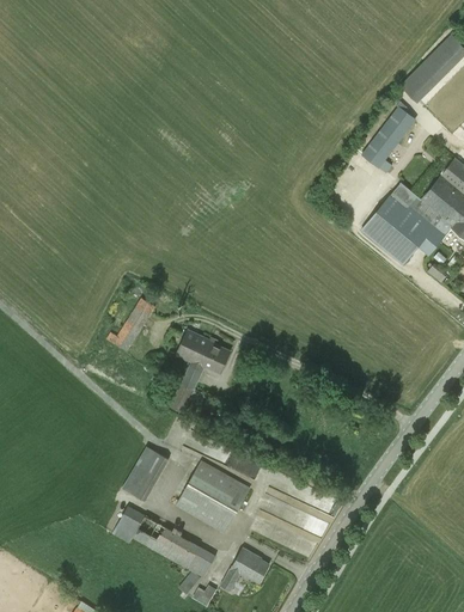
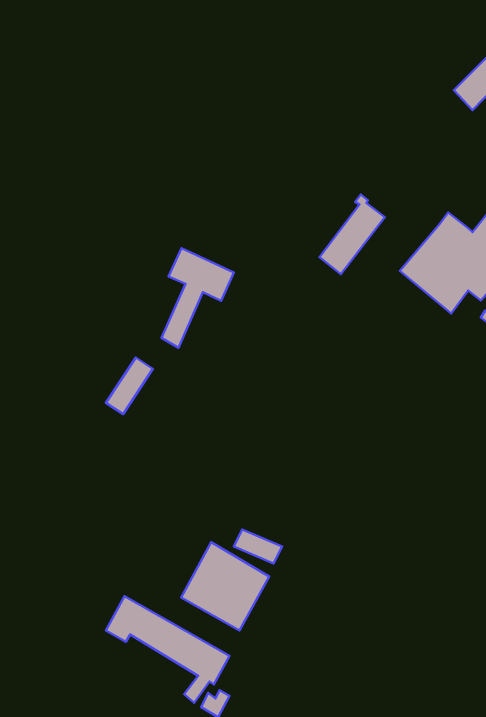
building: [361,100,416,167] -> [320,195,385,274]
building: [170,330,231,414] -> [161,248,234,348]
building: [123,445,170,500] -> none
building: [221,546,269,590] -> none

